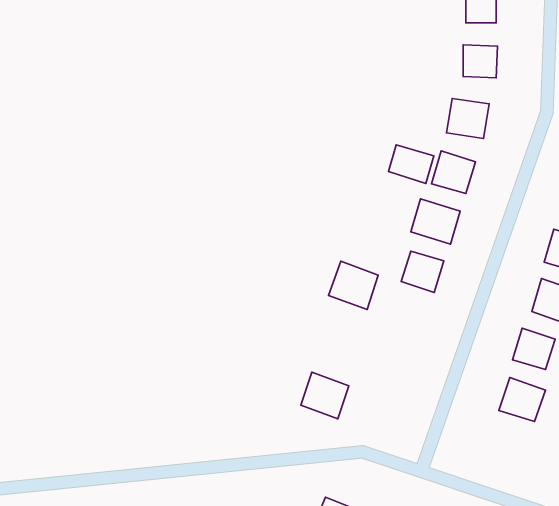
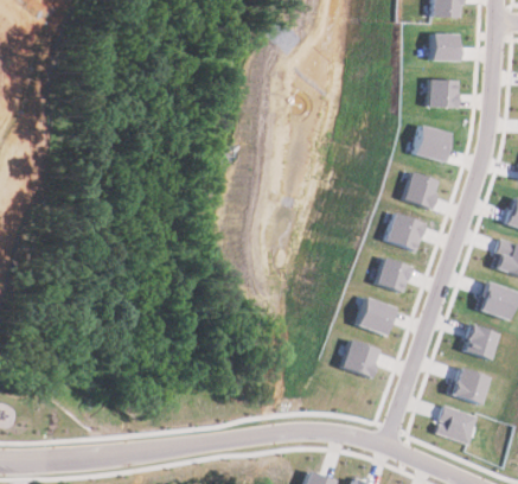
building: [388,145,434,183] -> none
building: [329,261,378,309] -> [352,295,395,337]
building: [301,372,349,419] -> [338,338,379,378]
building: none -> [440,405,485,444]

